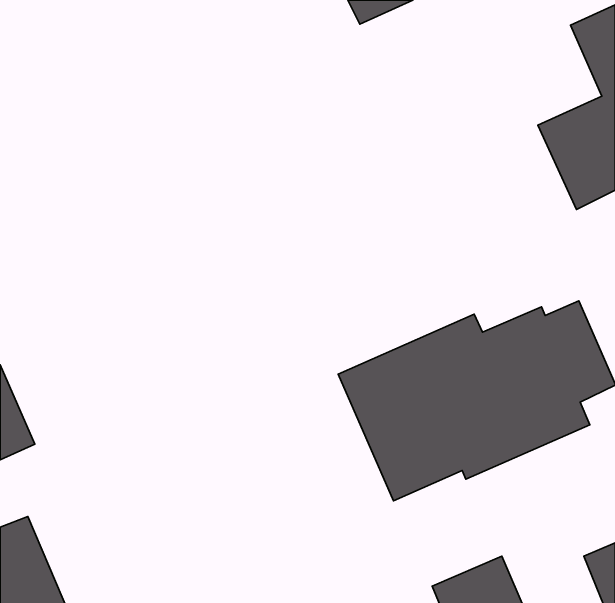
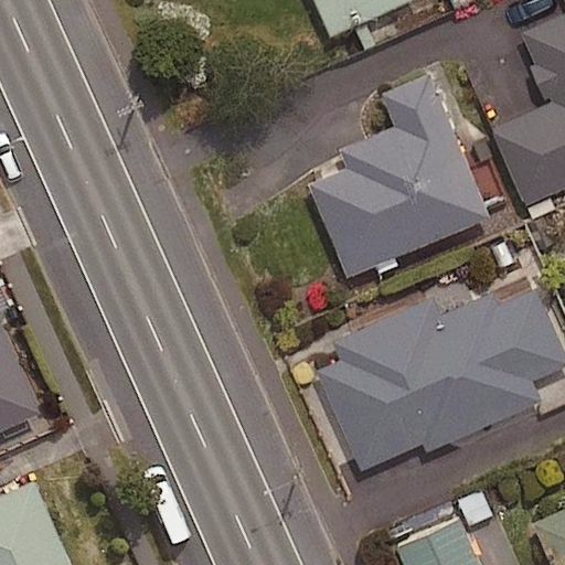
building: none -> [312,77,484,273]

